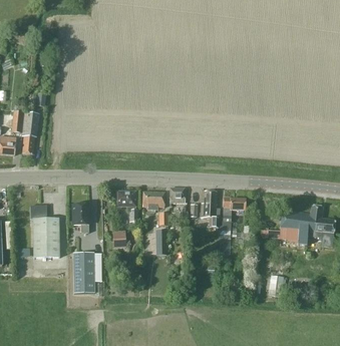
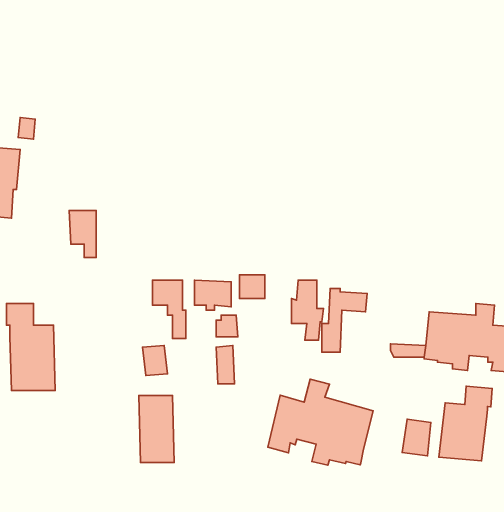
building: [72,205,88,233] -> [69,211,96,258]
building: none -> [268,379,373,465]
building: [73,253,94,293] -> [139,396,174,463]
building: none -> [439,386,492,461]

